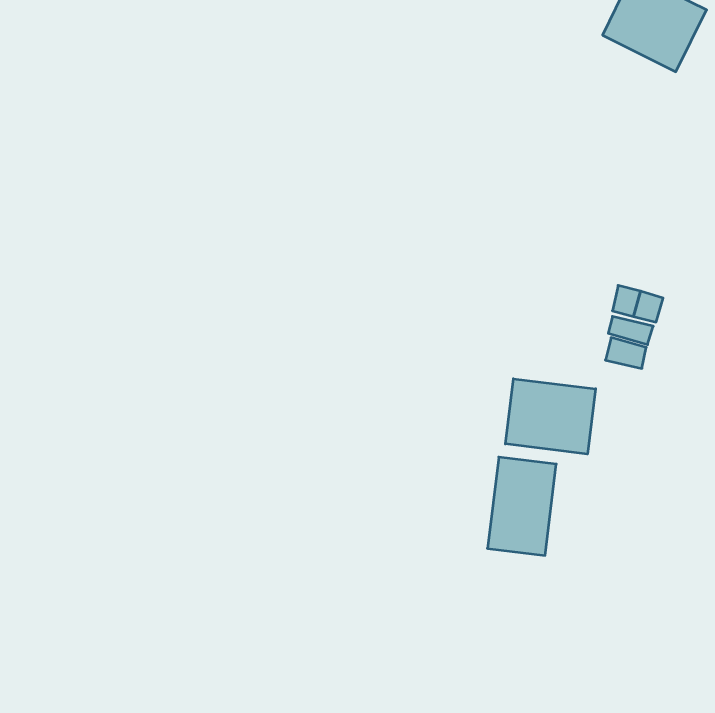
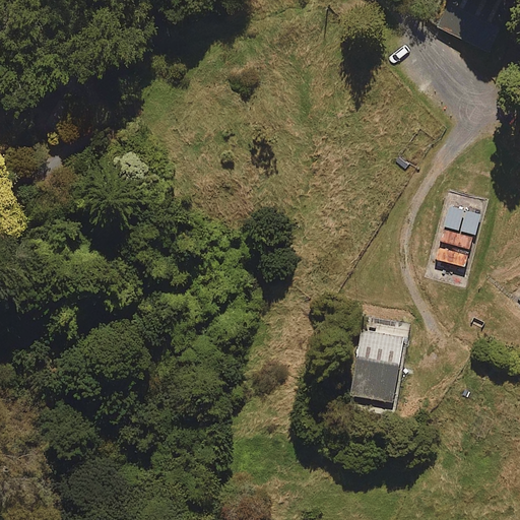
building: [505,379,596,454] -> none

